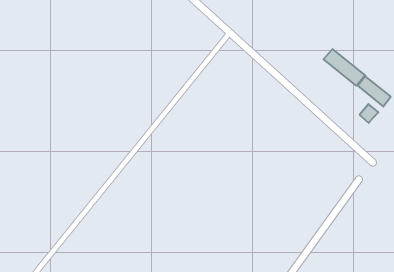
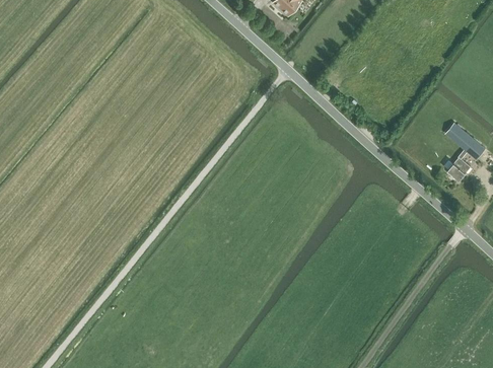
building: [324,49,365,86] -> none

